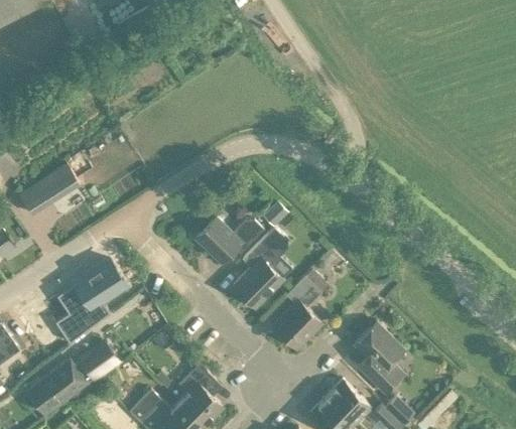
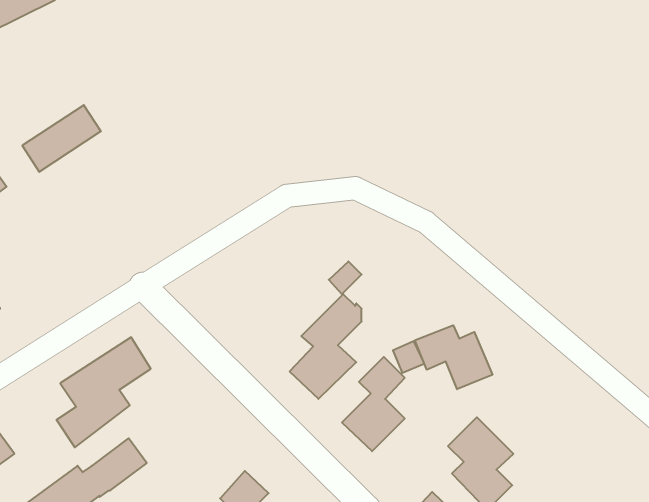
building: [18,164,79,216] -> [22,105,101,172]
building: [194,218,262,264] -> none
building: none -> [415,325,492,389]

